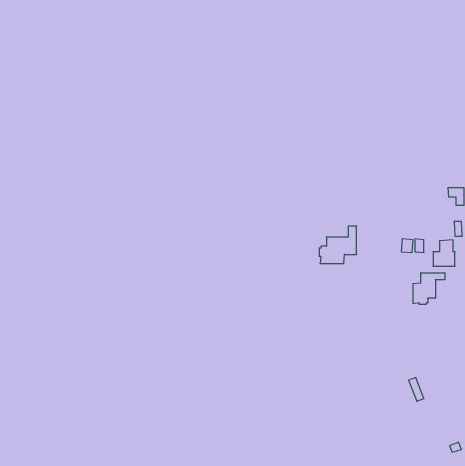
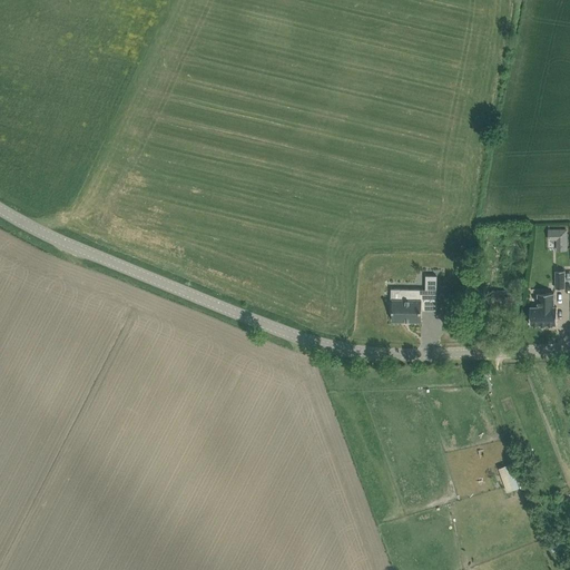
building: [413,273,445,304] -> none

